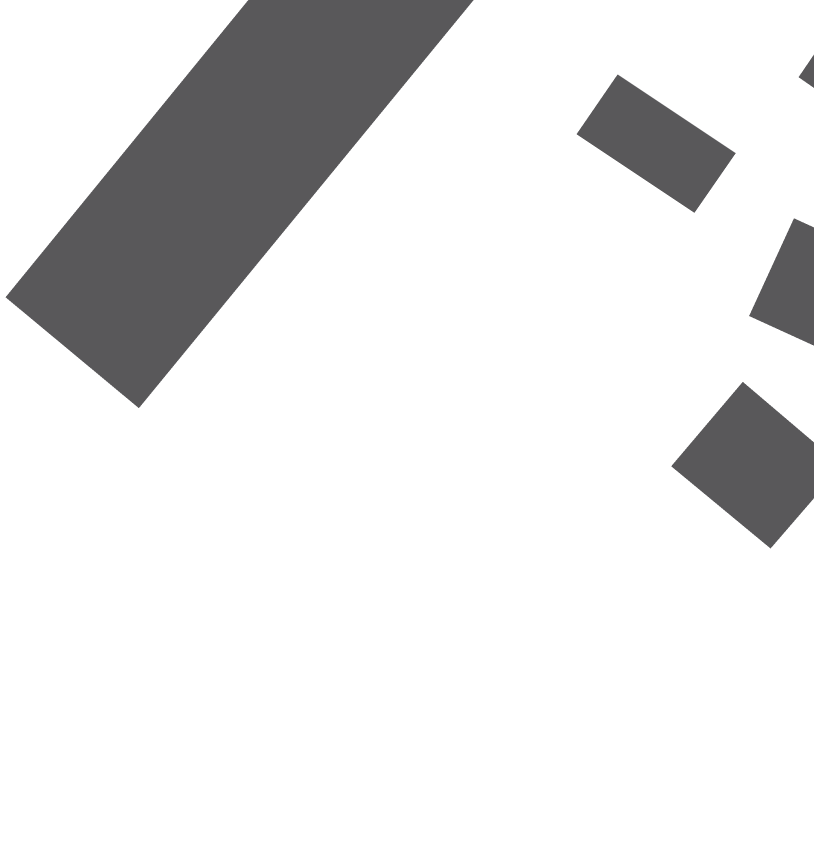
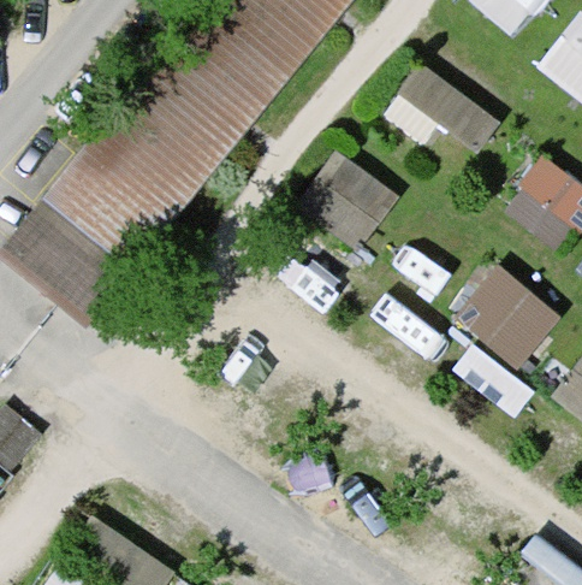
building: none -> [301,153,399,248]

